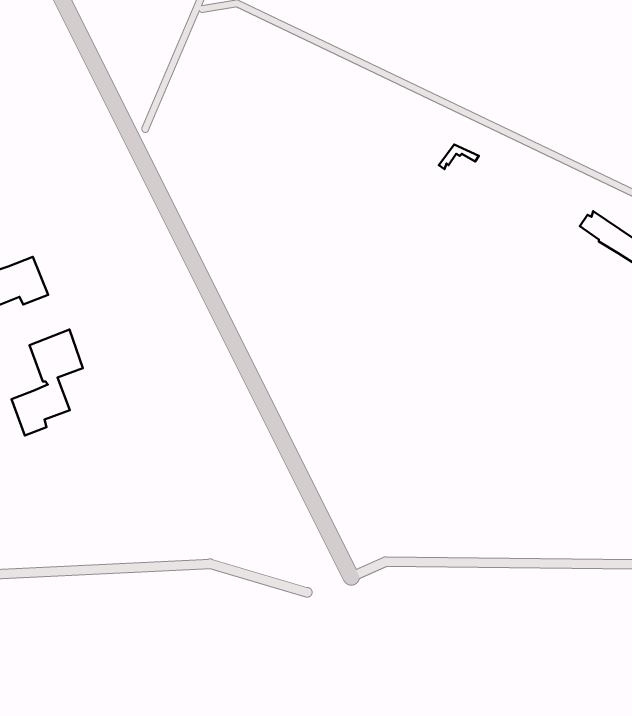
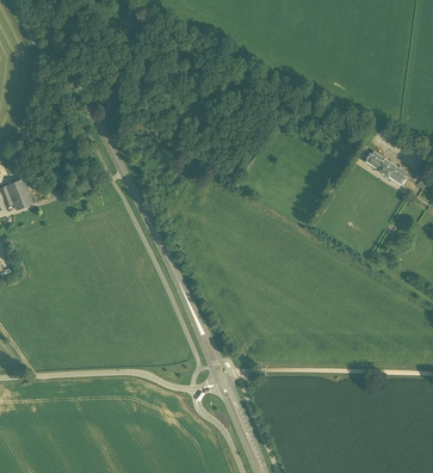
building: [11,329,83,435] -> none

